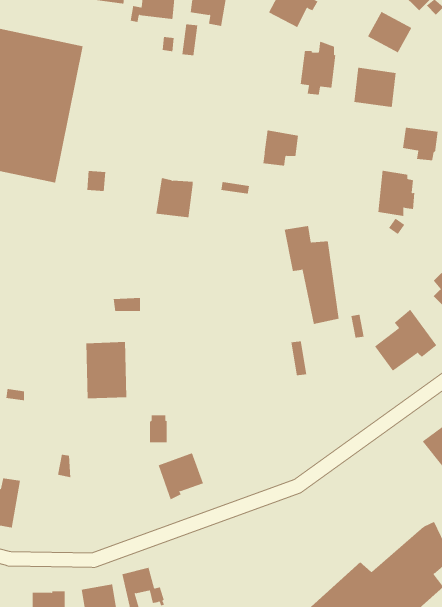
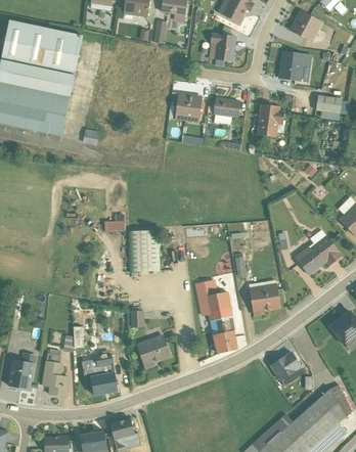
building: [300,41,336,95] -> [209,26,235,65]
building: [378,170,415,216] -> [257,103,284,137]
building: [156,177,193,218] -> [174,92,202,122]
building: [284,225,340,325] -> [195,280,236,353]
building: [85,342,127,399] -> [128,230,159,272]
building: none -> [250,282,279,314]
building: none -> [42,348,69,396]
building: none -> [270,351,304,385]
building: none -> [81,353,117,394]

